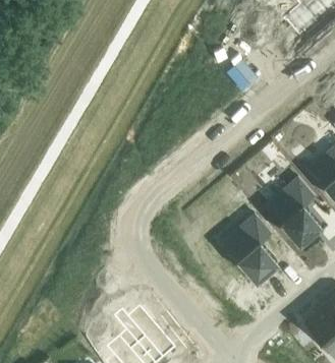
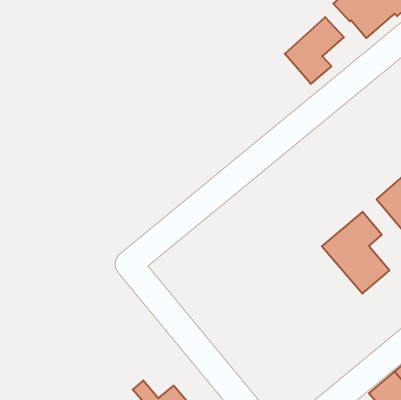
building: none -> [285,17,344,84]
building: [223,214,277,279] -> none

